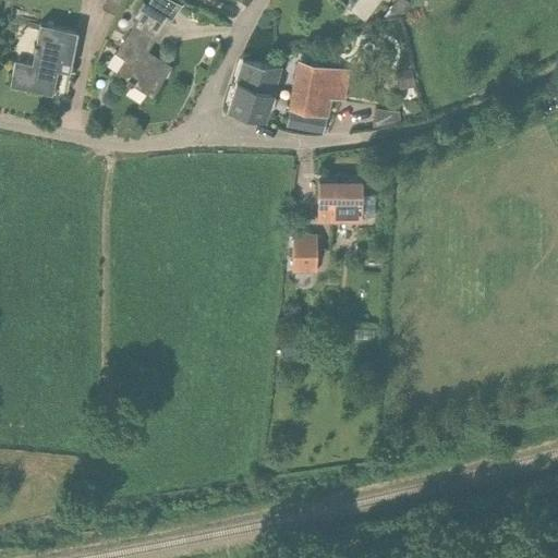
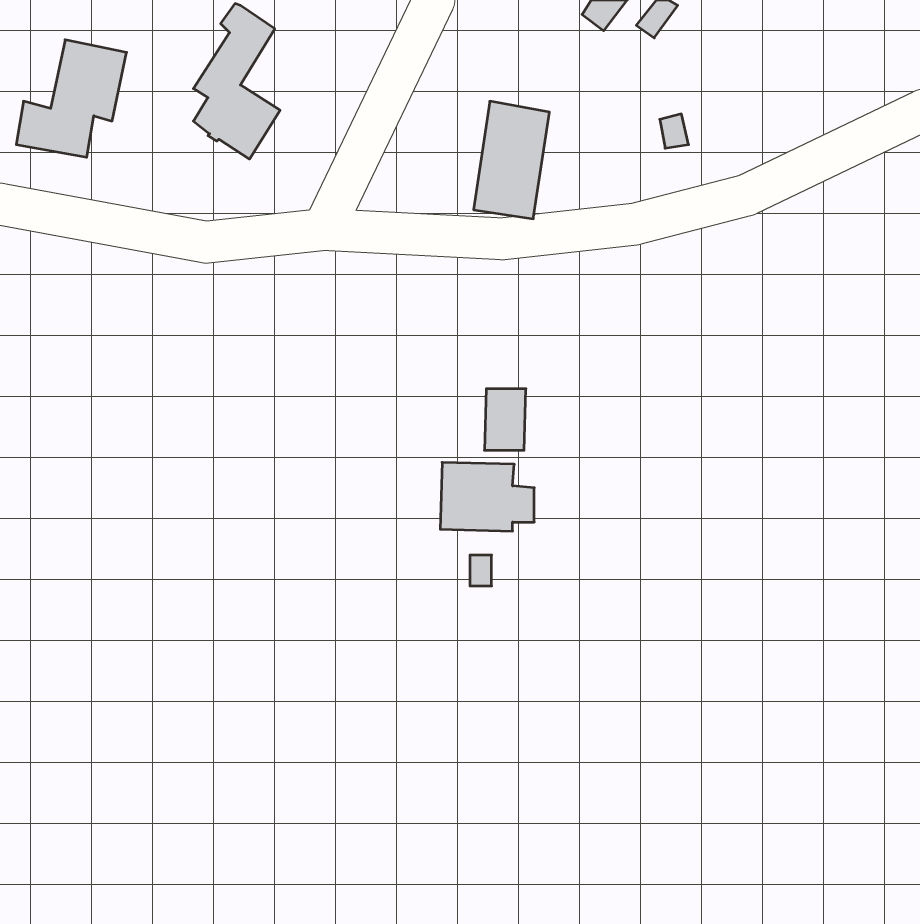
building: [229,60,280,118] -> none
building: [319,181,376,222] -> [440,462,534,531]

